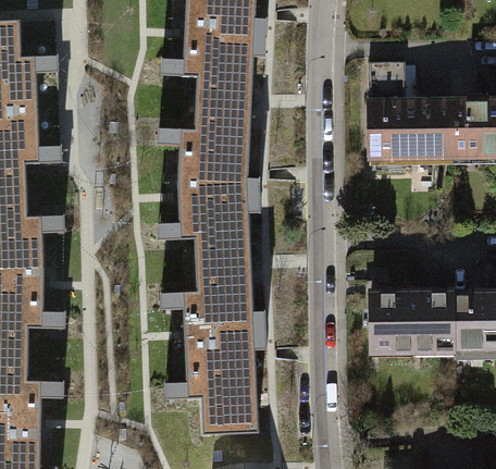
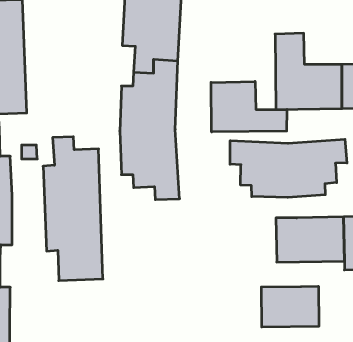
building: none -> [211,81,287,132]
building: none -> [230,139,347,197]
building: [182,255,257,435] -> [43,137,103,281]
building: none -> [261,286,319,327]

